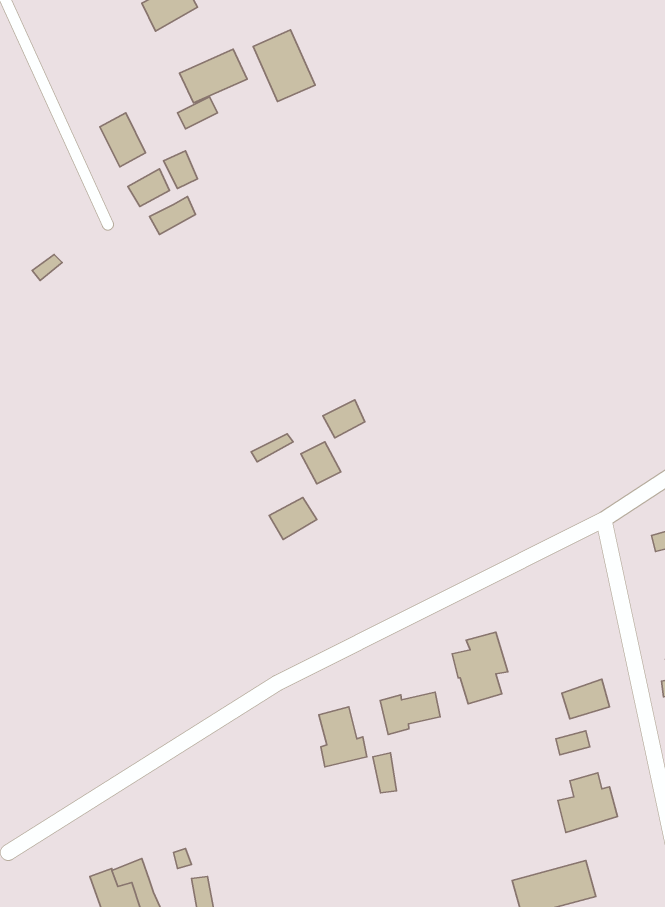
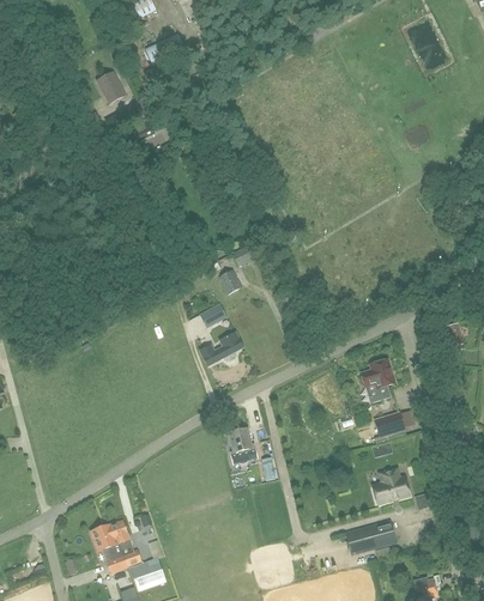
building: [253,30,315,102] -> none
building: none -> [199,330,243,364]
building: [452,632,508,704] -> [361,358,394,401]
building: [380,692,440,735] -> none

